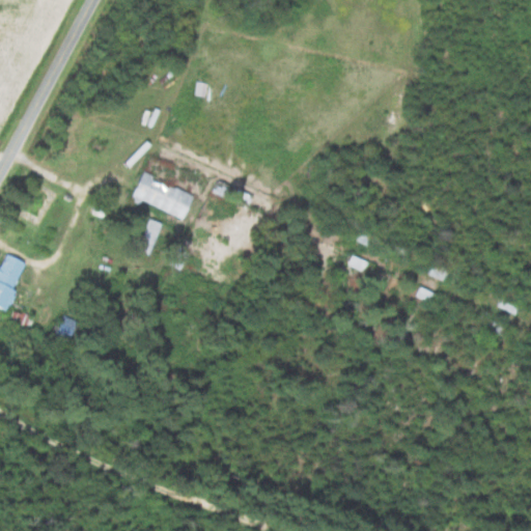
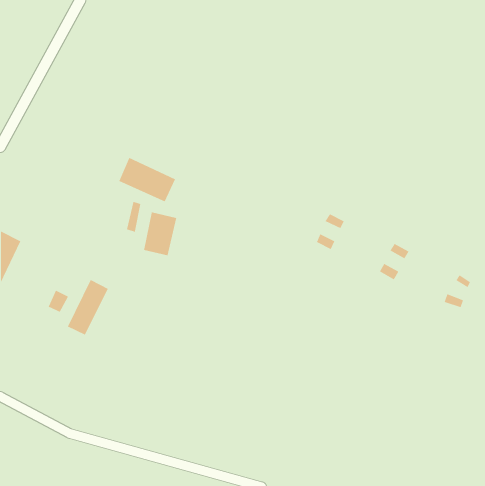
building: none -> [143,212,177,256]
building: none -> [67,279,109,336]

